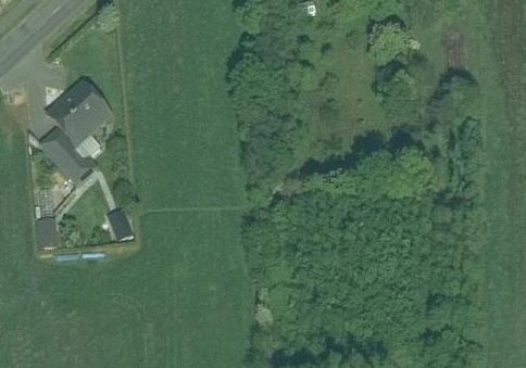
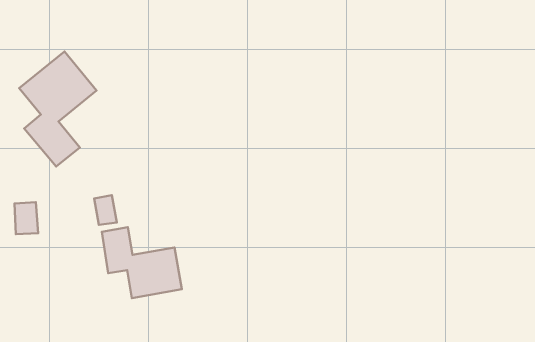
building: none -> [102,227,182,298]

